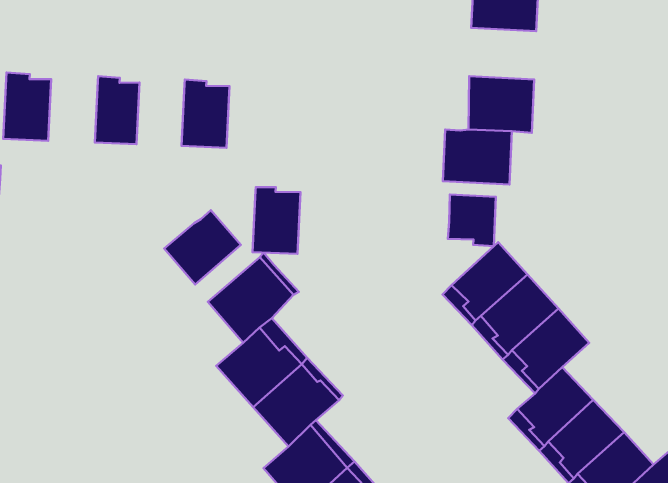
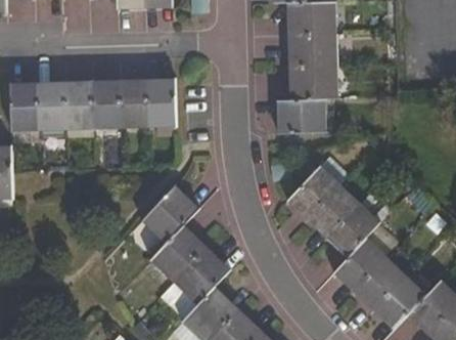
building: none -> [291,37,332,68]
building: none -> [37,86,66,127]
building: none -> [91,84,120,125]
building: [252,187,300,254] -> [146,82,175,123]
building: [448,195,496,246] -> none
building: [164,210,241,284] -> none

